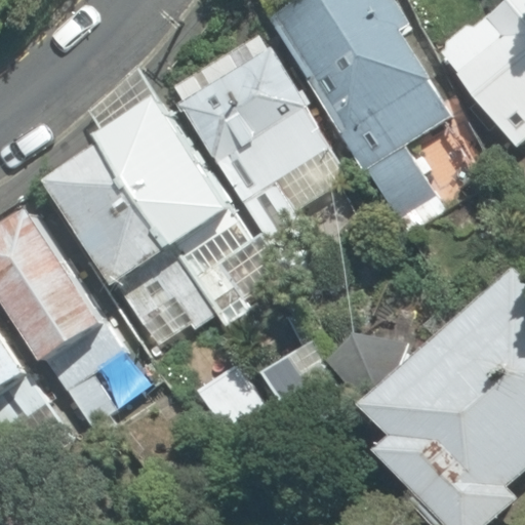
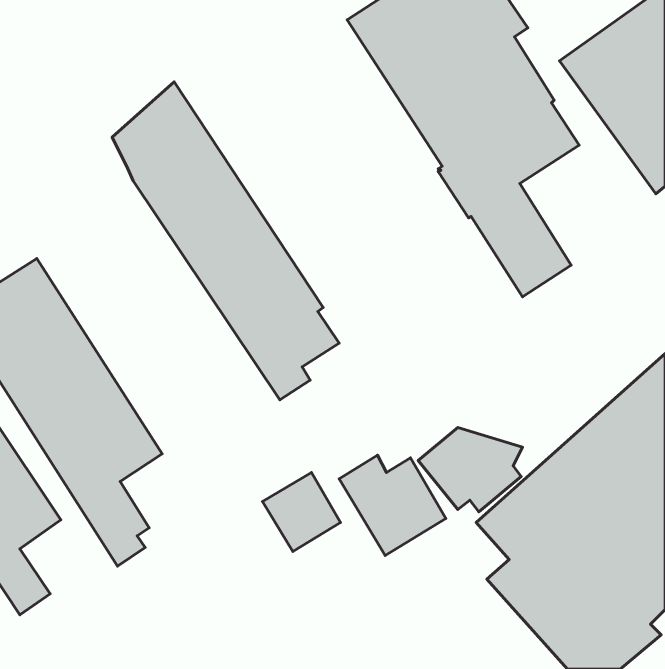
building: [177,47,347,290] -> none
building: [49,140,217,337] -> none

